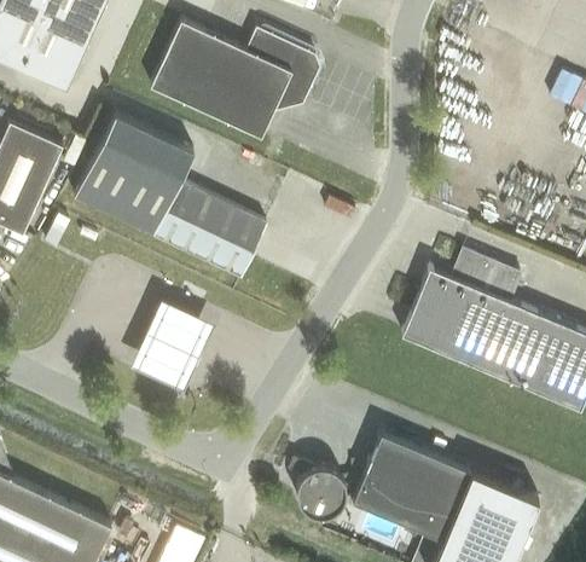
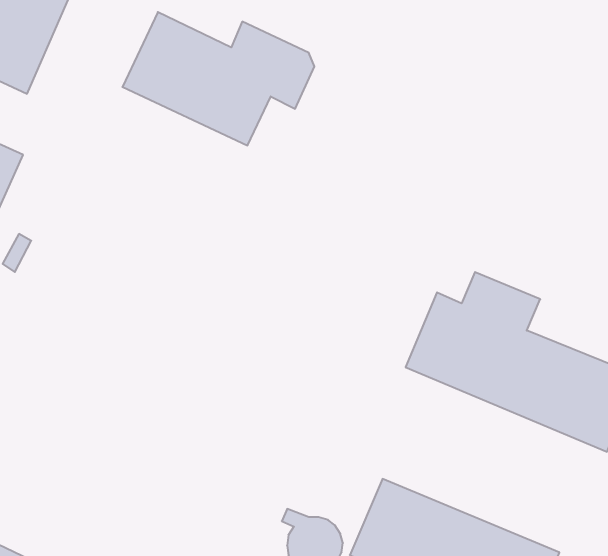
building: [75,115,267,279] -> none
building: [127,305,209,394] -> none

